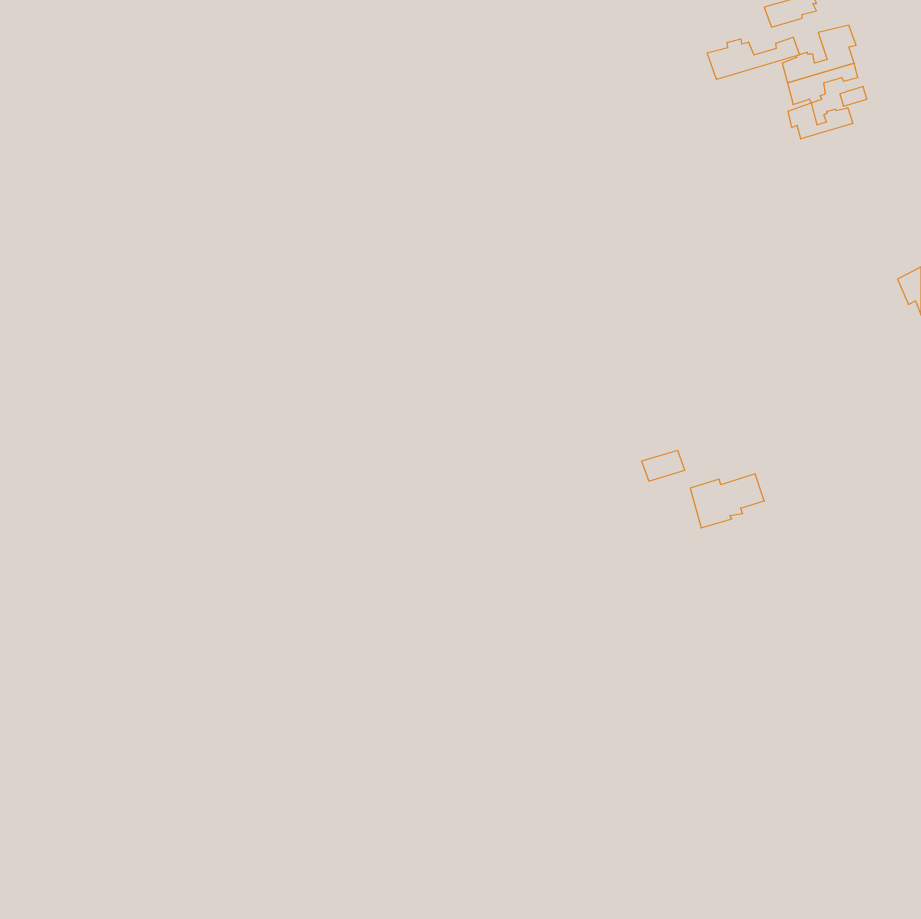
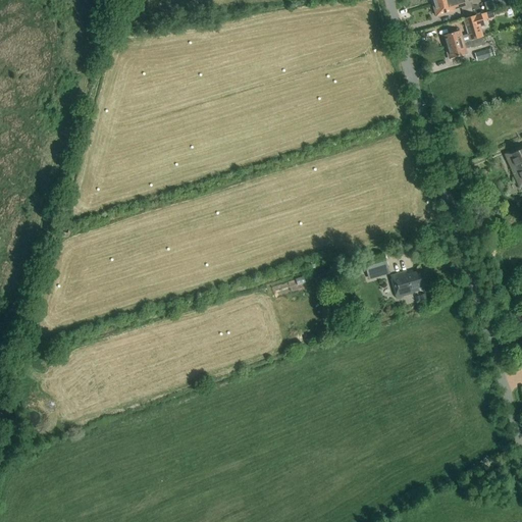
building: [707,37,799,80] -> none
building: [788,103,853,139] -> none

